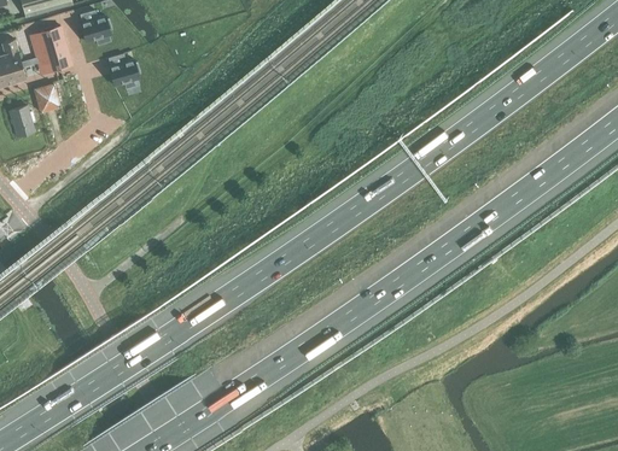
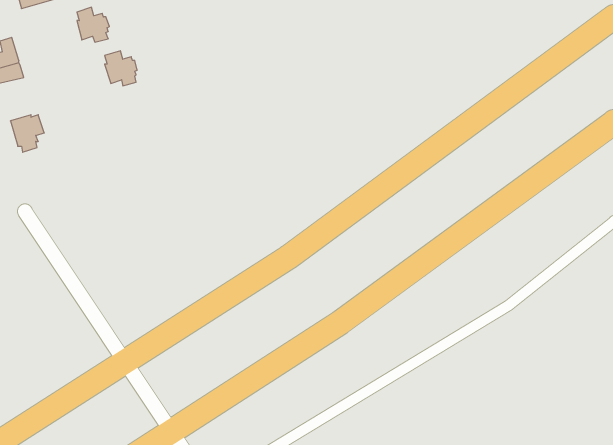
building: [35,24,69,71] -> none
building: [30,81,58,112] -> none

